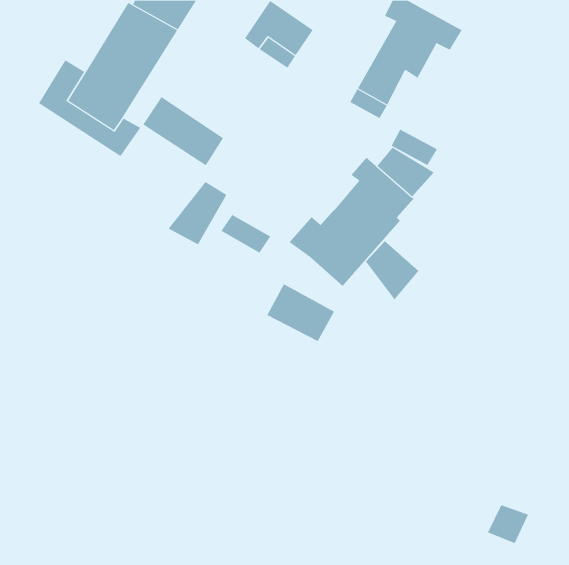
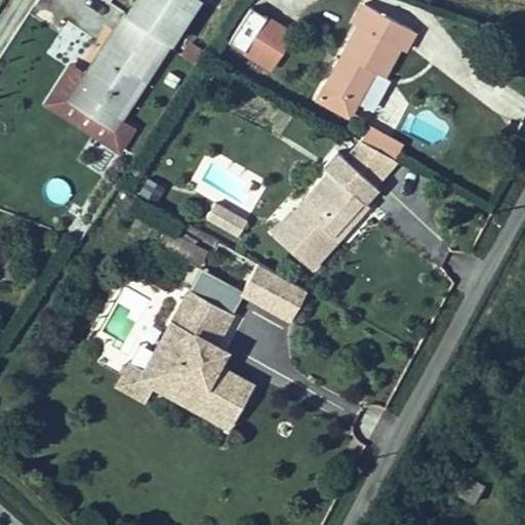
building: [143,96,224,166] -> none
building: [168,181,227,245] -> none
building: [365,240,419,300] -> none
building: none -> [116,277,254,431]

